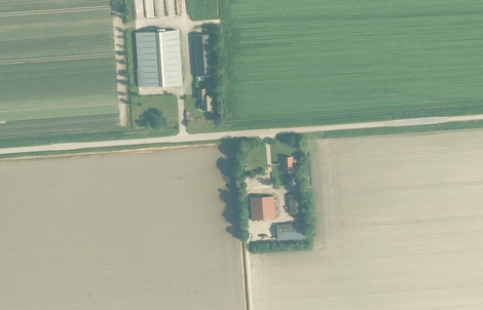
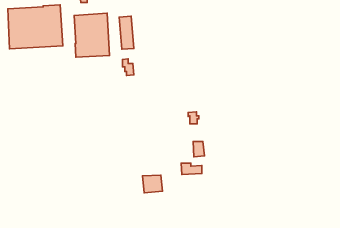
building: none -> [8,5,63,49]
building: [250,197,275,220] -> [142,175,163,193]

